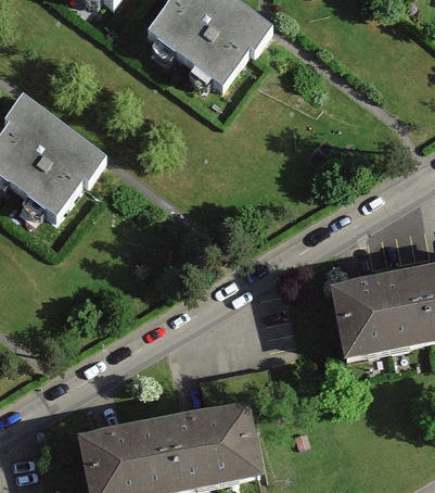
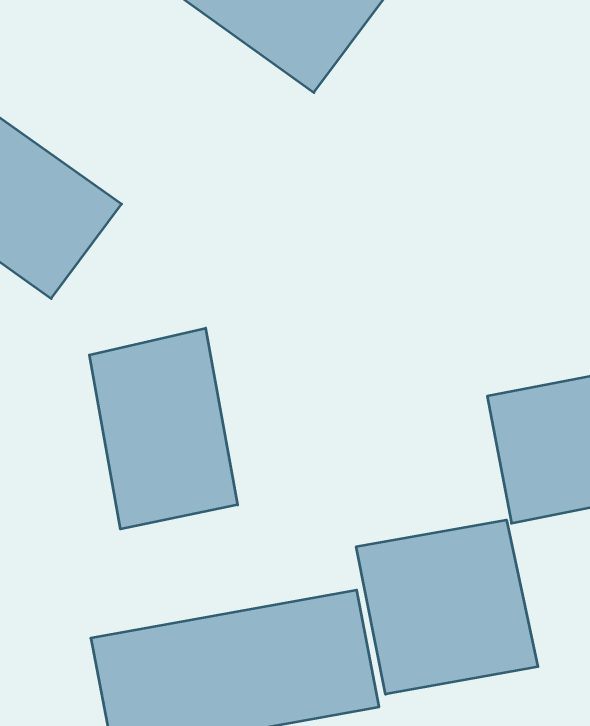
building: none -> [89,328,238,529]
building: none -> [356,520,538,694]

